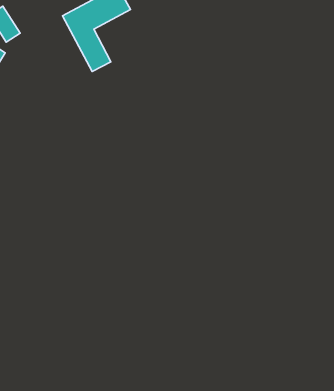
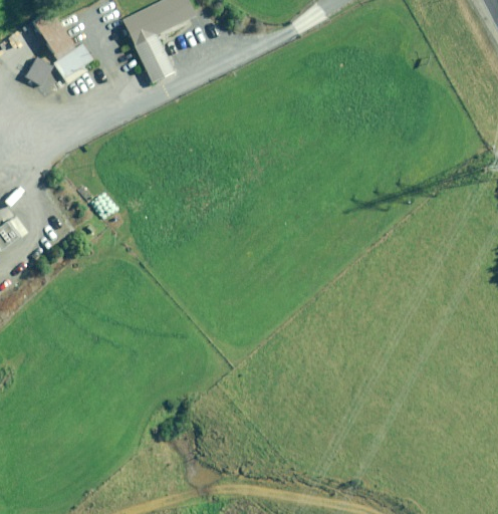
building: none -> [51,41,90,76]

